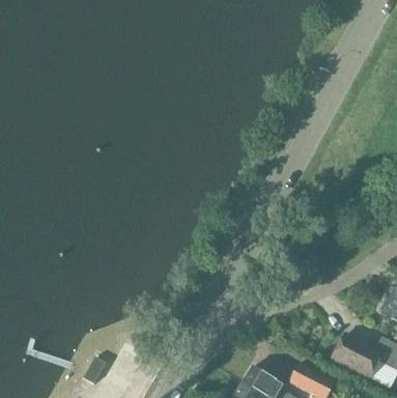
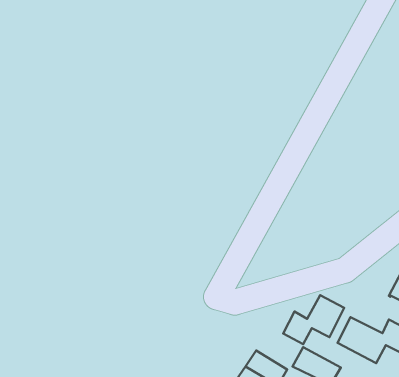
building: none -> [283,295,344,344]

